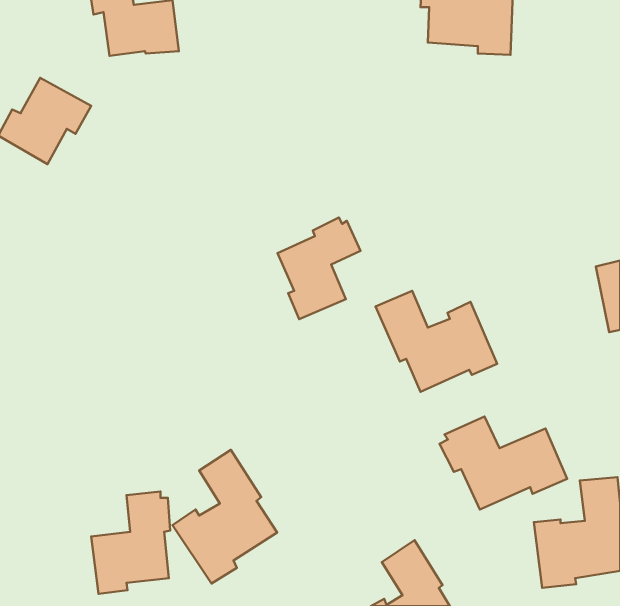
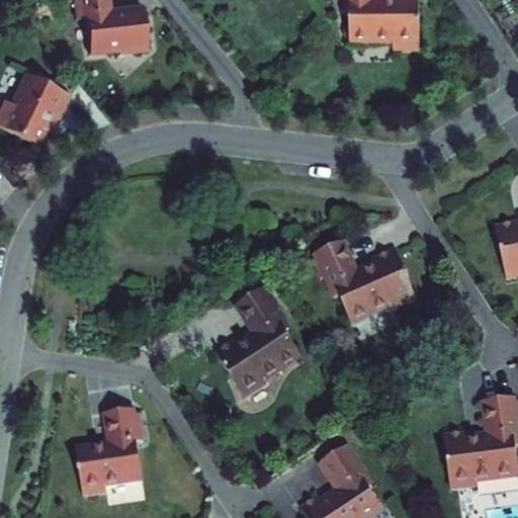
building: [277,218,360,319] -> none
building: [440,417,567,509] -> none
building: [173,450,277,584] -> [213,291,300,403]

